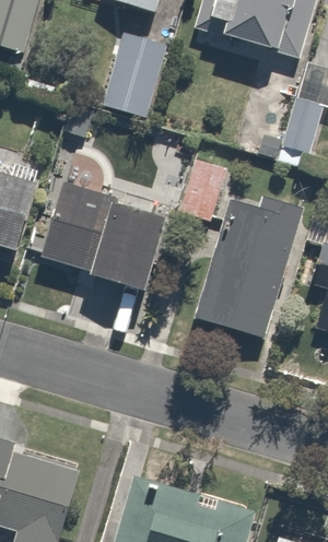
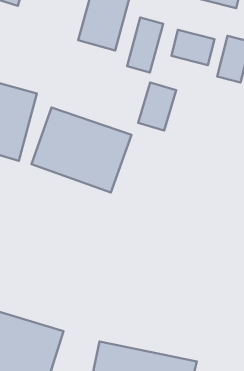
building: none -> [127,18,163,72]
building: none -> [172,30,214,65]
building: [194,197,301,333] -> none

